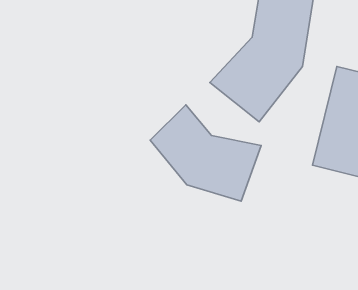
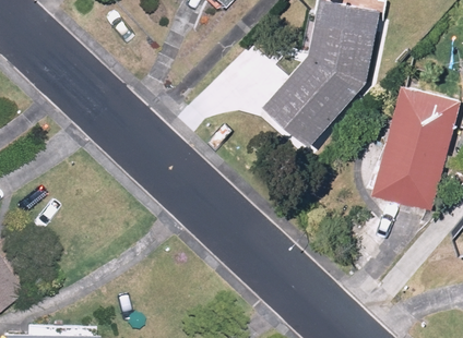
building: [150,105,261,201] -> none

